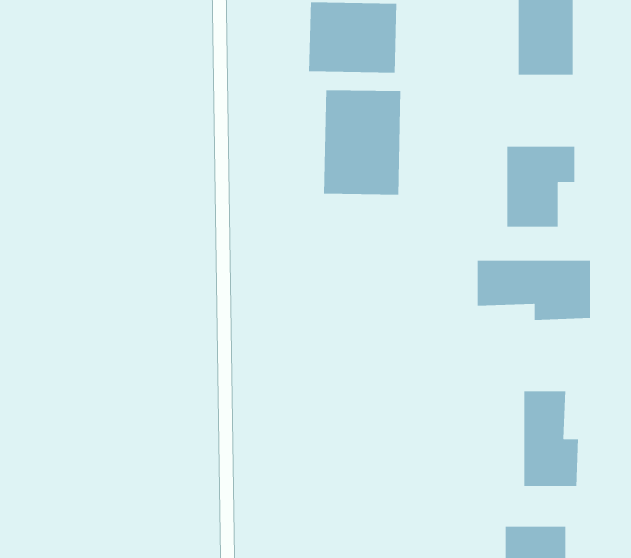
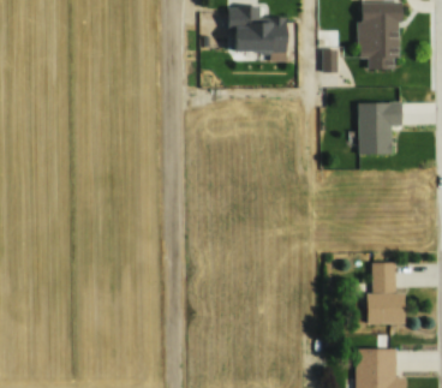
building: [323,89,401,195] -> none
building: [477,260,591,321] -> none

